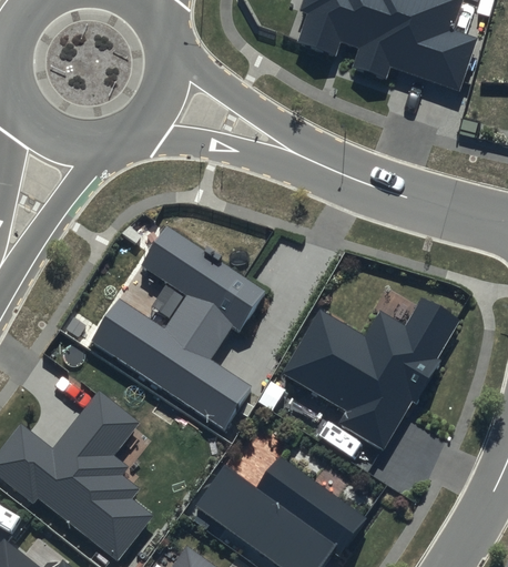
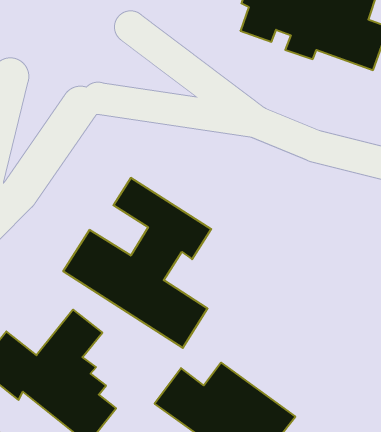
building: [287,301,458,454] -> none

